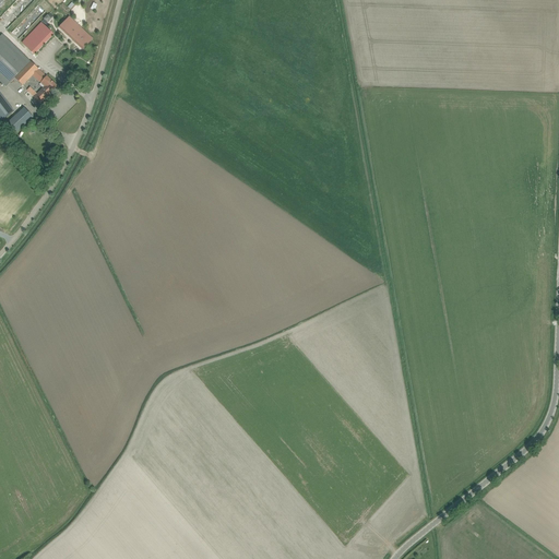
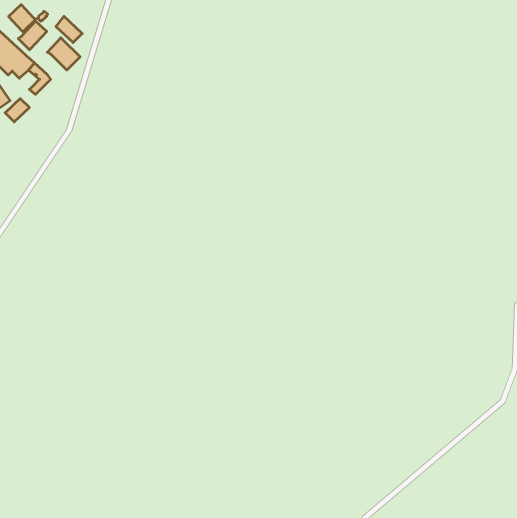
building: none -> [9,5,36,32]
building: none -> [47,38,80,70]

